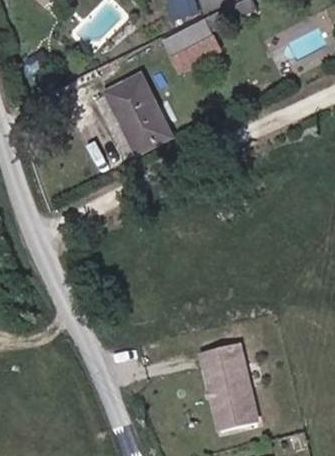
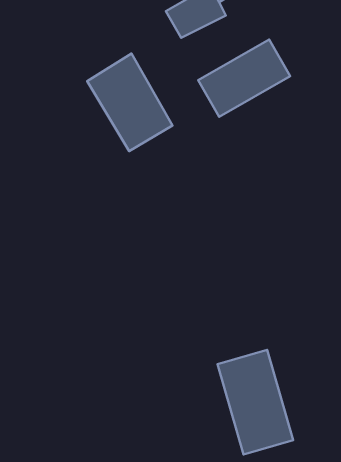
building: none -> [198,39,290,117]

